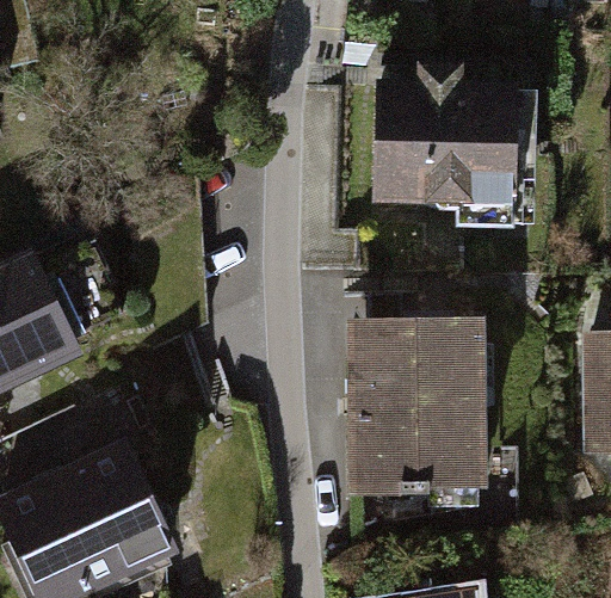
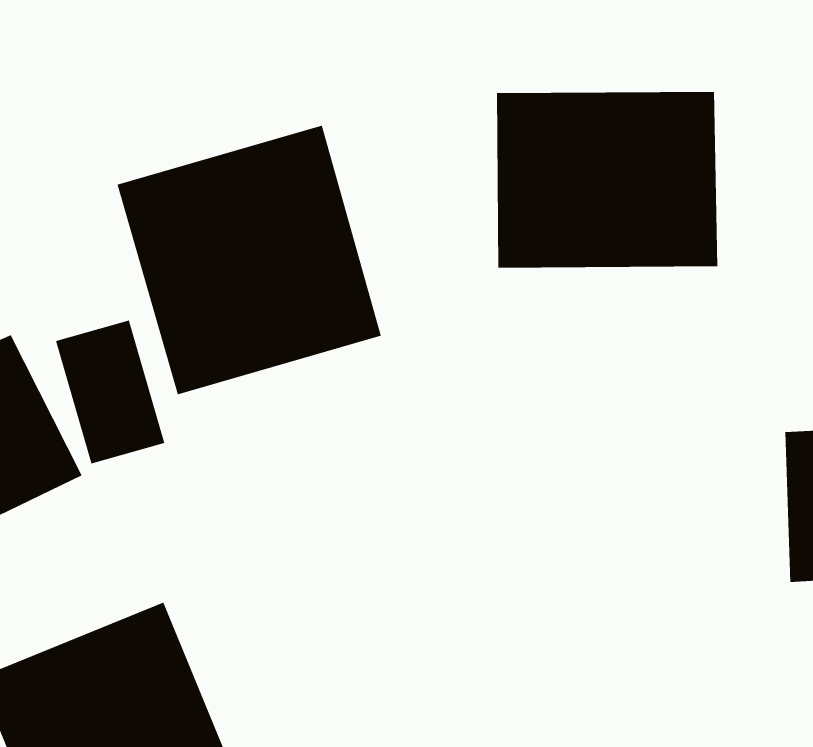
building: none -> [117,125,381,395]
building: [356,312,486,485] -> none

